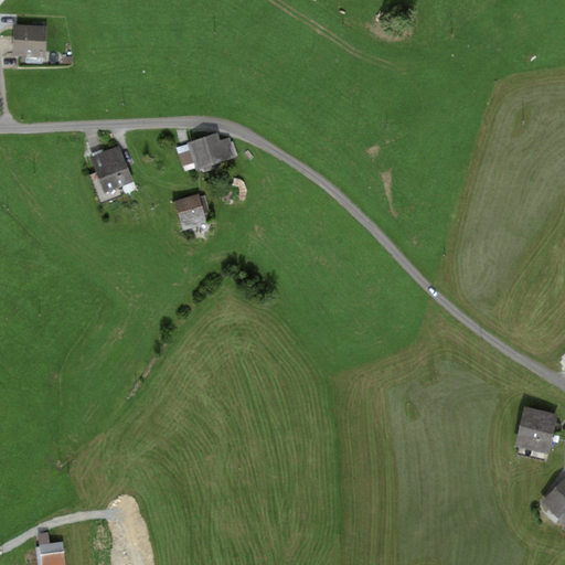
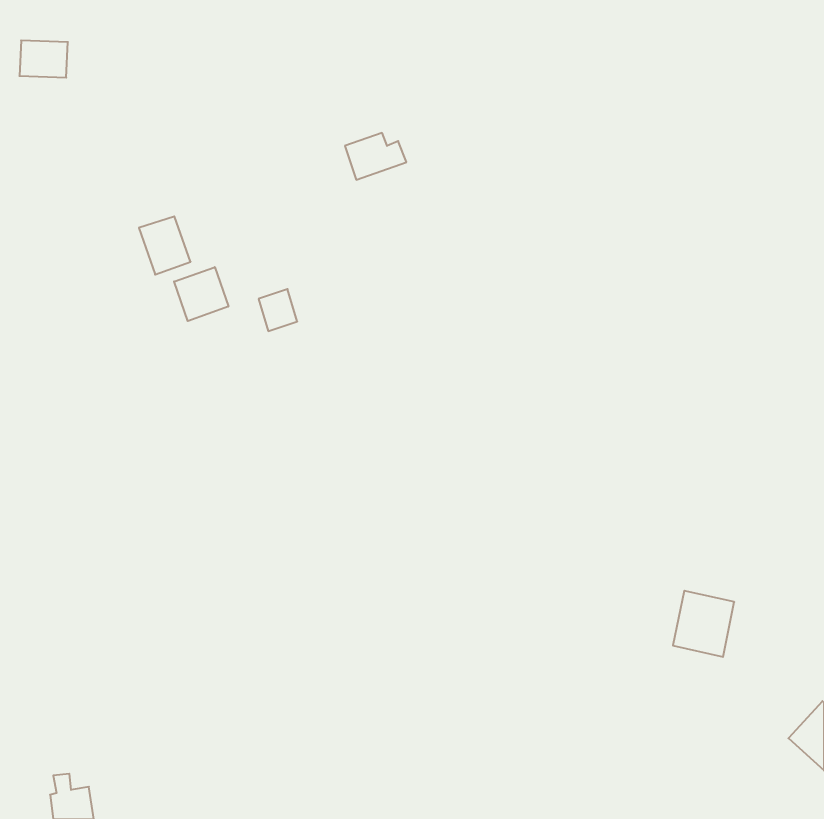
building: [191,134,233,166] -> [345,133,406,180]
building: none -> [174,267,228,321]
building: [515,408,557,454] -> [673,591,734,657]

